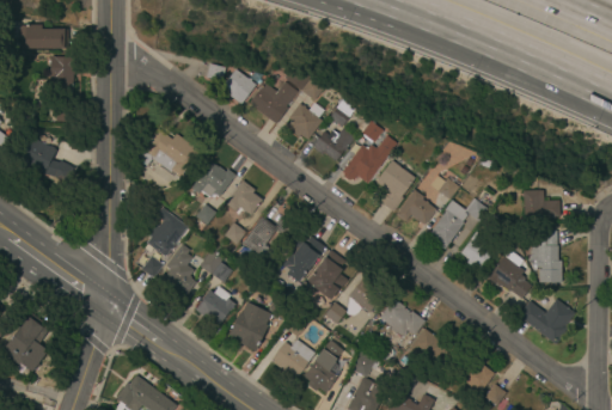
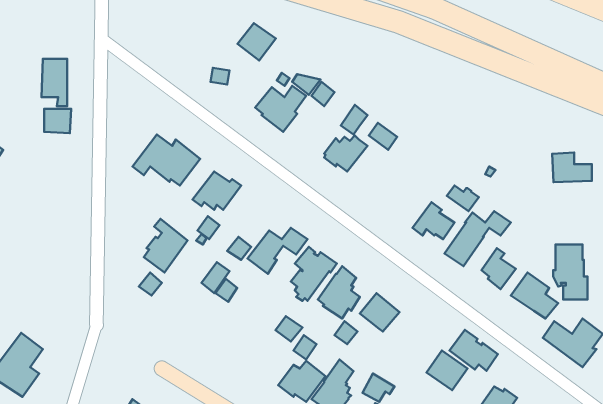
building: [20,24,67,48] -> none
building: [221,69,257,104] -> [237,23,276,60]
building: [288,103,325,140] -> none
building: [342,135,397,183] -> none
building: [22,136,75,182] -> none
building: [377,160,415,212] -> none
building: [226,179,263,215] -> none
building: [524,190,561,218] -> [552,153,592,182]
building: [158,244,196,296] -> none
building: [195,286,235,324] -> none
building: [380,298,426,336] -> [449,330,498,371]
building: [228,301,270,350] -> none

